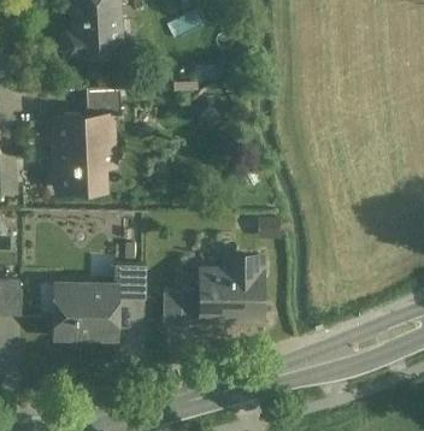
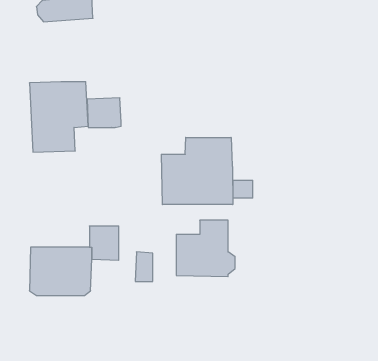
building: [87,85,122,116] -> [87,98,121,127]
building: none -> [161,137,233,205]
building: [181,288,206,320] -> none

